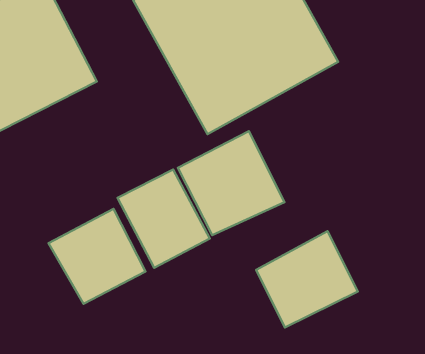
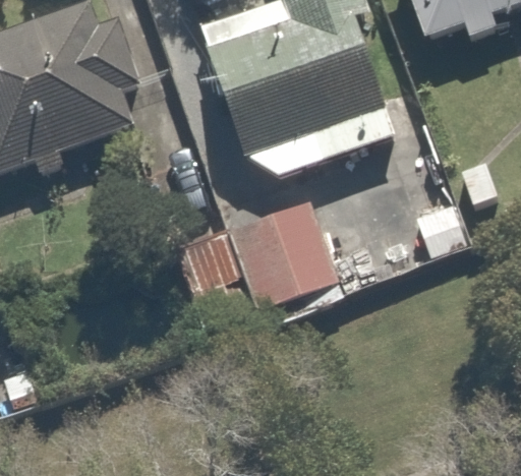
building: [48,209,145,304] -> none
building: [256,231,358,327] -> none

